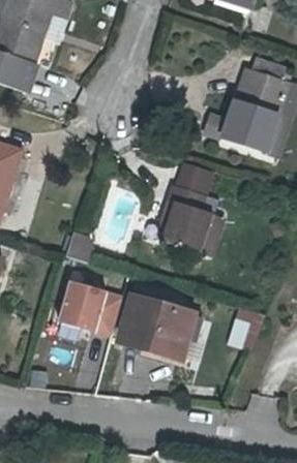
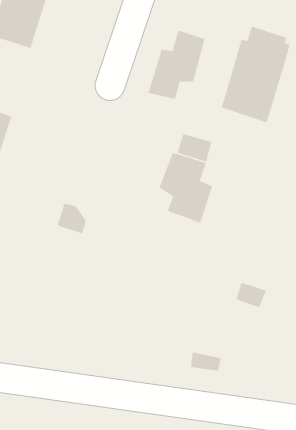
building: none -> [148,29,206,100]
building: [59,278,128,337] -> none
building: [119,305,195,364] -> none

